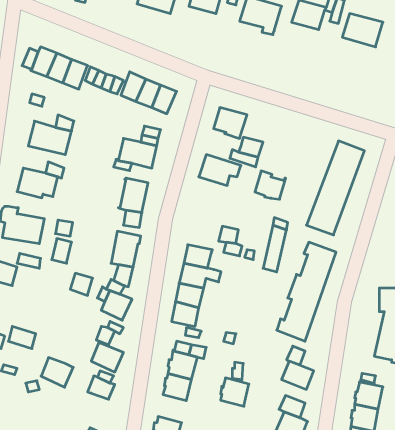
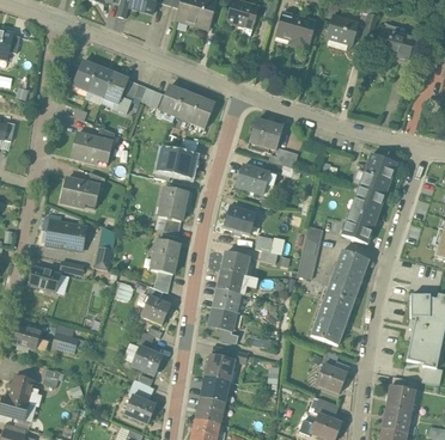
building: [255,171,286,199] -> [225,207,255,234]
building: [41,358,73,387] -> [124,396,156,424]
building: [221,378,249,406] -> [196,397,224,424]

